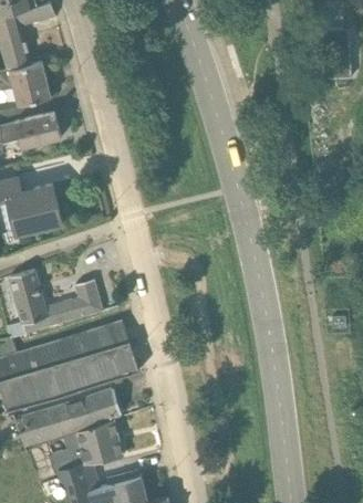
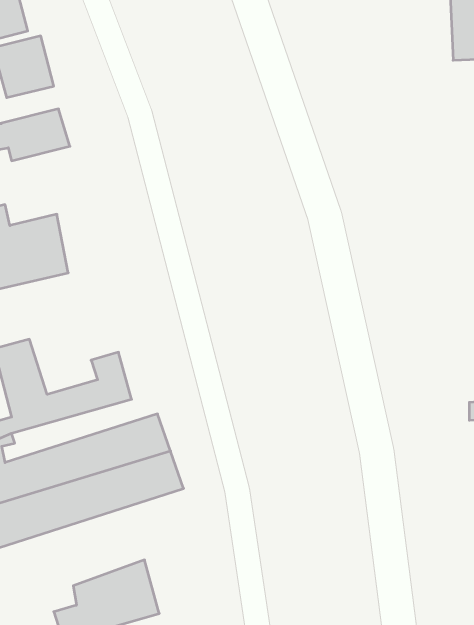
building: [18,388,120,449] -> none

